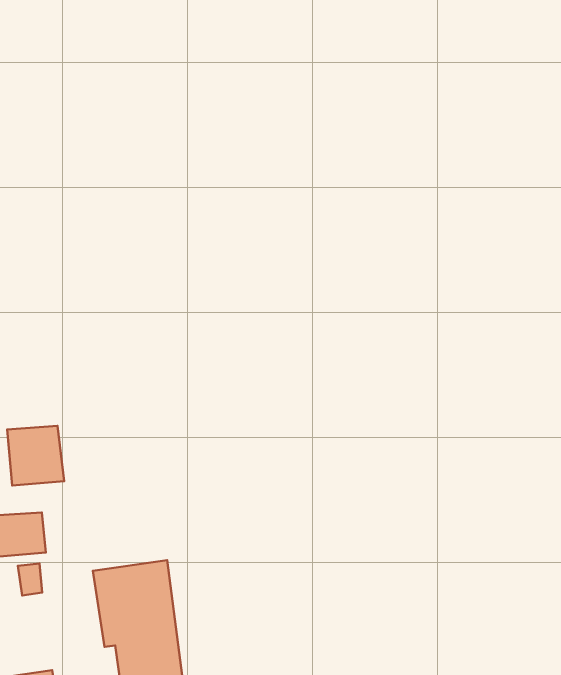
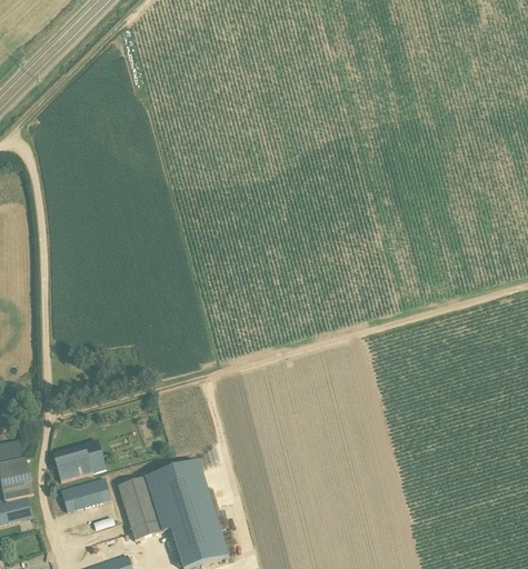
building: [7,426,64,485] -> none
building: none -> [117,476,162,539]

